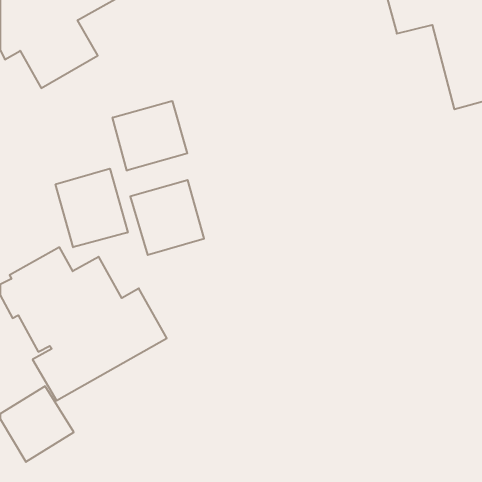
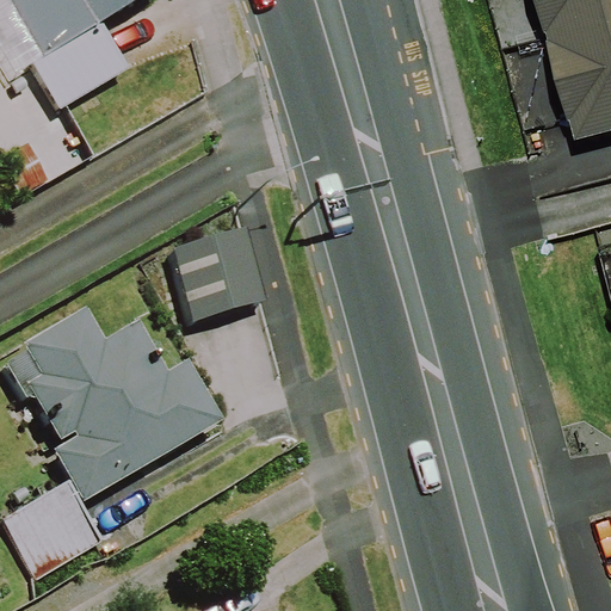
building: [113,101,187,171] -> none
building: [56,169,128,247] -> none

